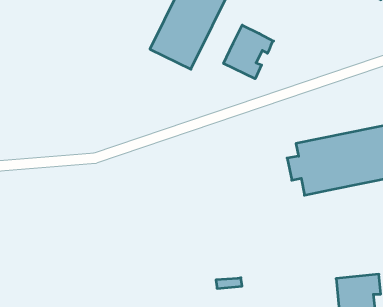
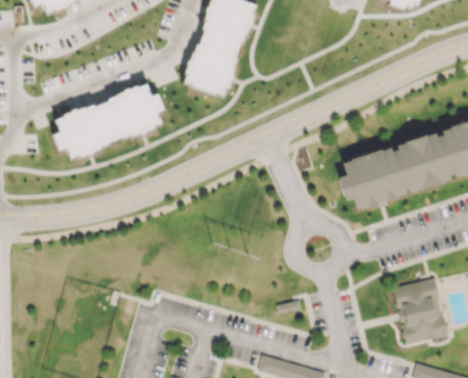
building: [224,25,274,79] -> none
building: none -> [60,86,169,153]

